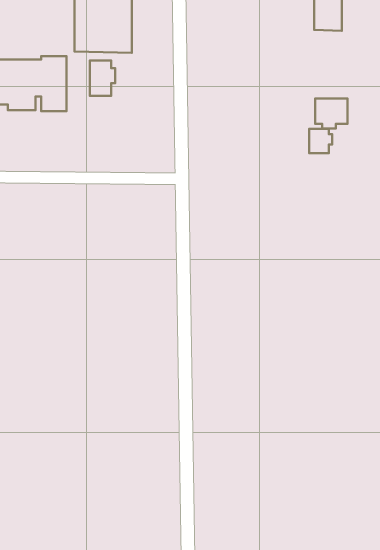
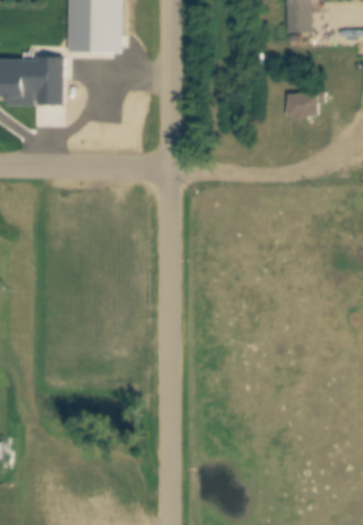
building: [90,61,115,96] -> none
building: [309,129,332,153] -> none

